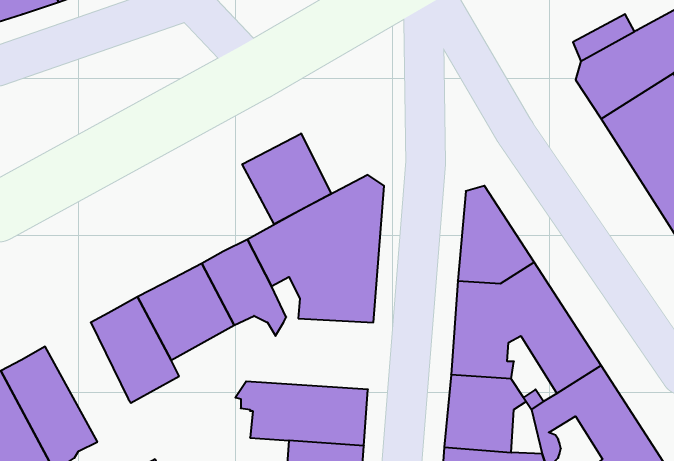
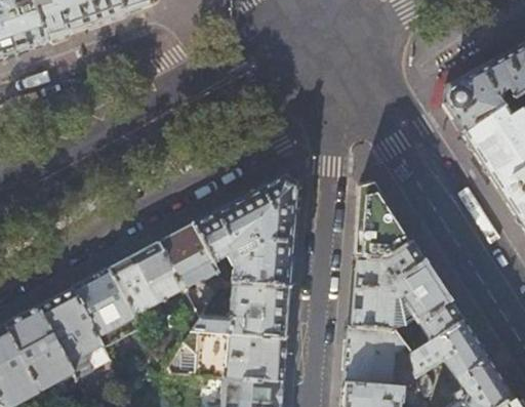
building: [242,133,331,224] -> none
building: none -> [192,283,289,338]
building: none -> [38,287,102,378]

